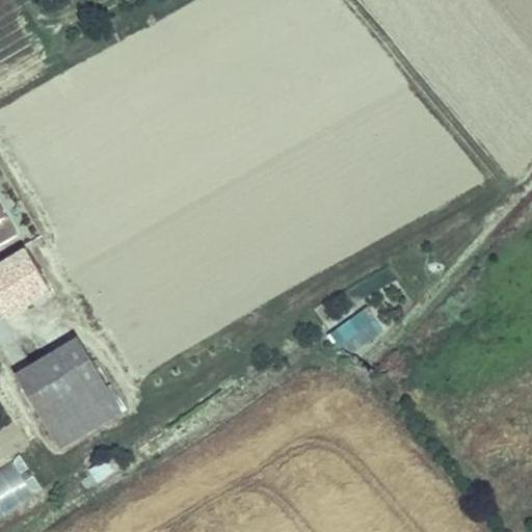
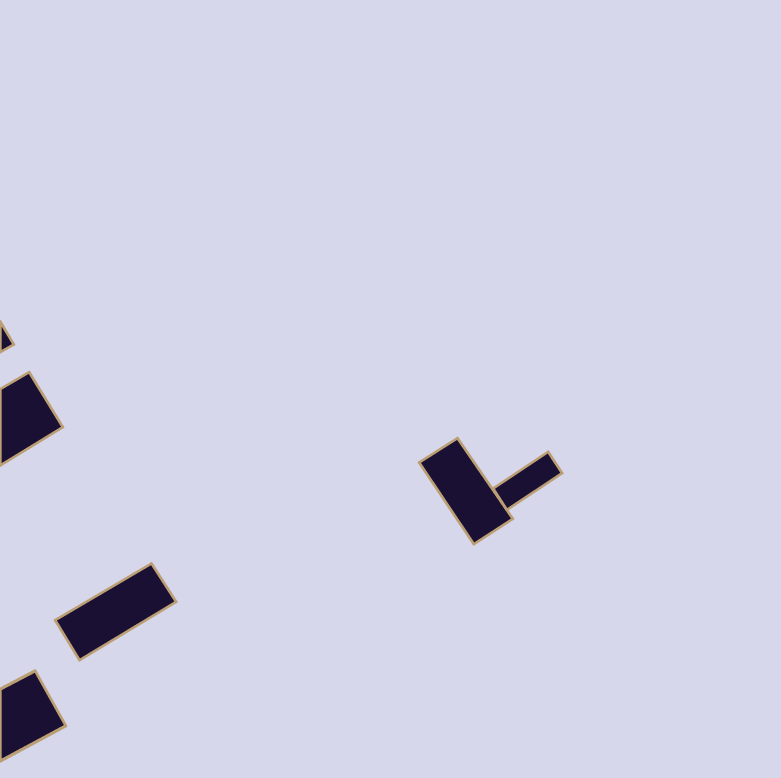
building: none -> [419,438,513,544]
building: [10,337,104,421] -> none

